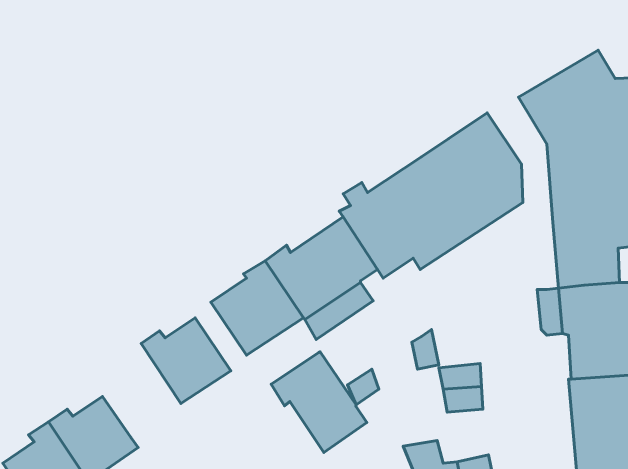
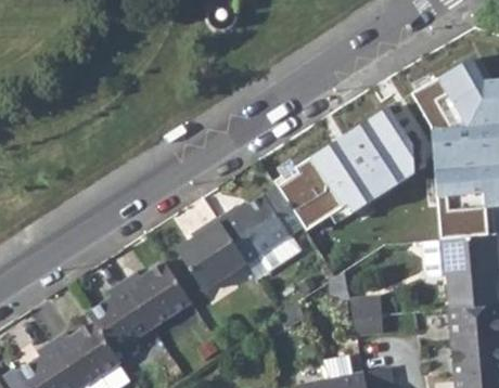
building: none -> [89,281,154,352]
building: [271,352,367,452] -> none

